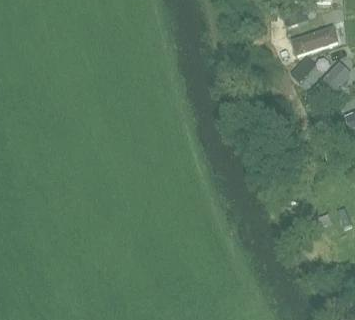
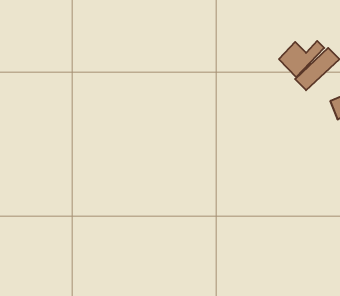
building: [291,24,340,58] -> none

